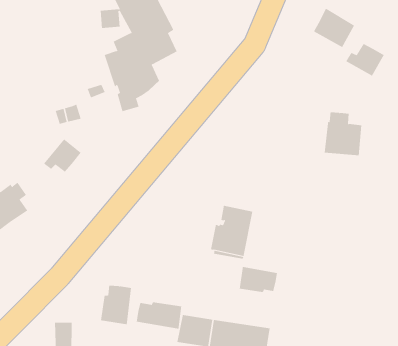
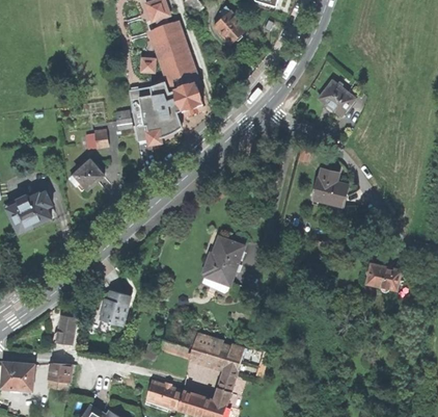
building: [345,43,385,77] -> none
building: [239,266,277,293] -> none
building: [136,301,182,329] -> none

